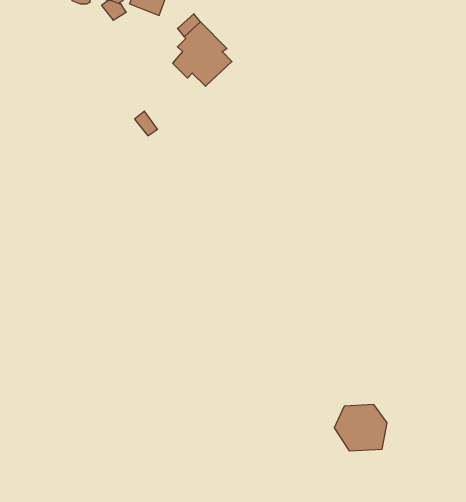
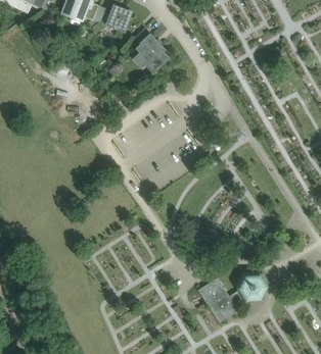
building: none -> [198,277,239,322]

